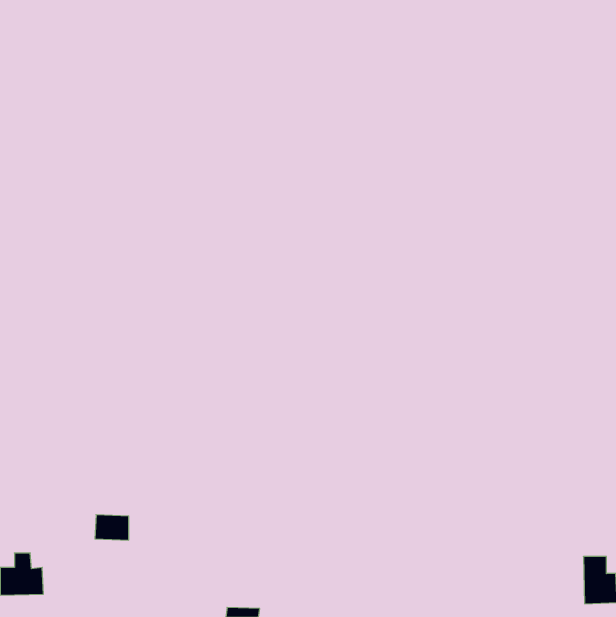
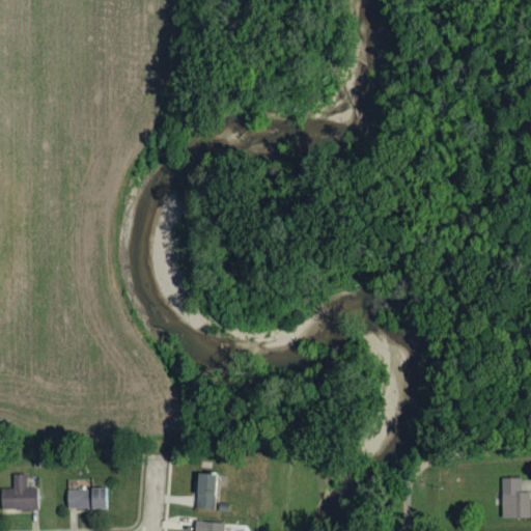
building: [95,515,129,540] -> [79,487,108,509]
building: none -> [197,473,217,509]

